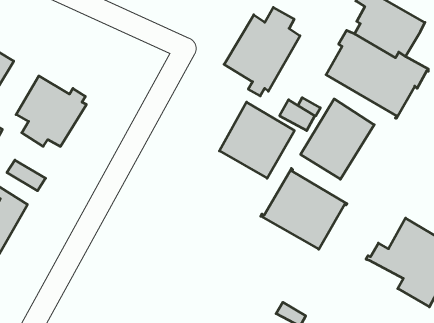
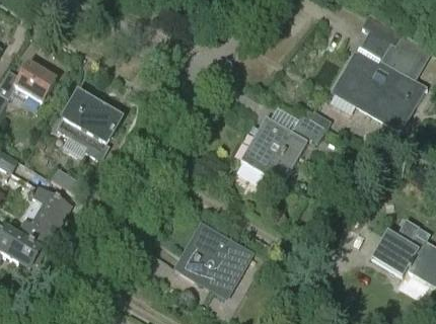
building: [224,7,300,96] -> none
building: [301,99,374,179] -> none
building: [261,168,347,249] -> [173,224,250,296]

